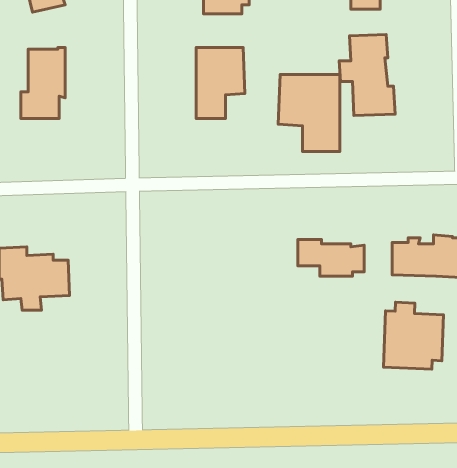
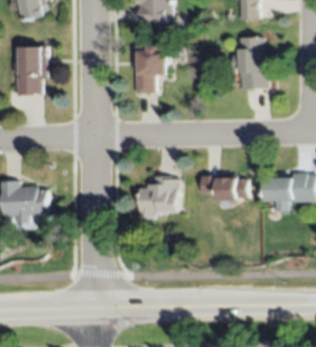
building: [278,75,340,152] -> none
building: none -> [141,176,181,219]
building: [383,302,444,369] -> none

